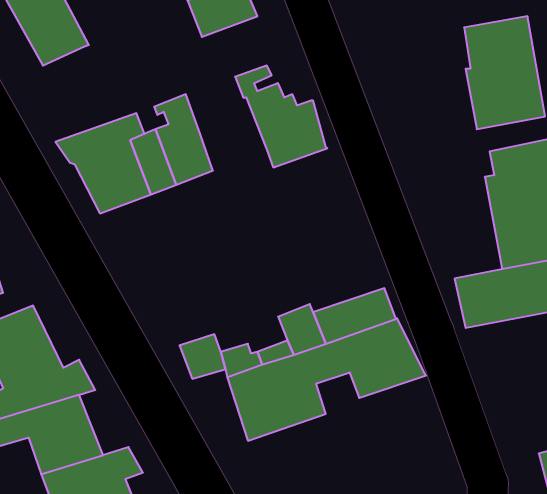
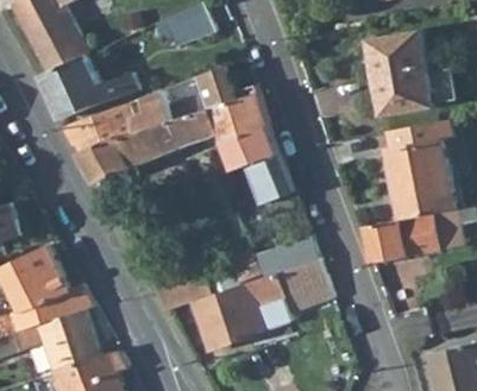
building: none -> [46,55,134,115]
building: none -> [170,93,220,147]
building: none -> [225,131,290,203]

